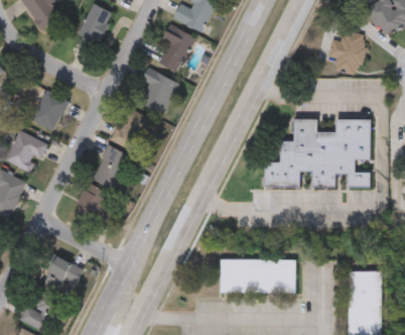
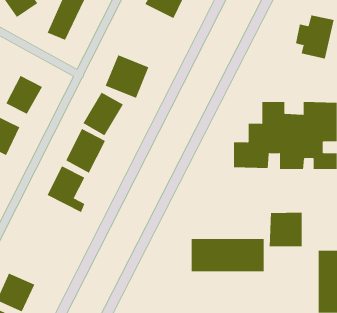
building: [157,24,194,72] -> none
building: none -> [269,212,302,247]
building: [42,252,76,295] -> none

